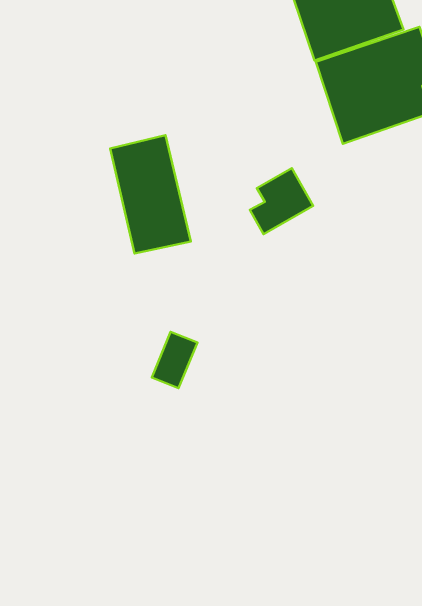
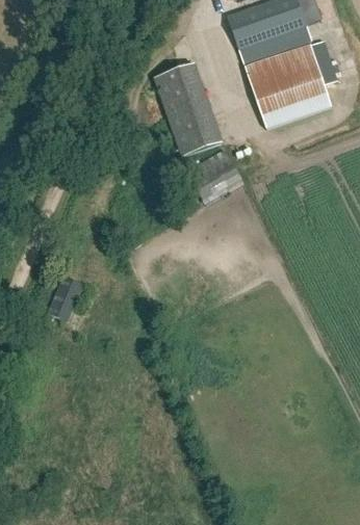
building: [110,135,191,254] -> [153,59,215,151]
building: [152,332,197,388] -> [49,278,84,321]

